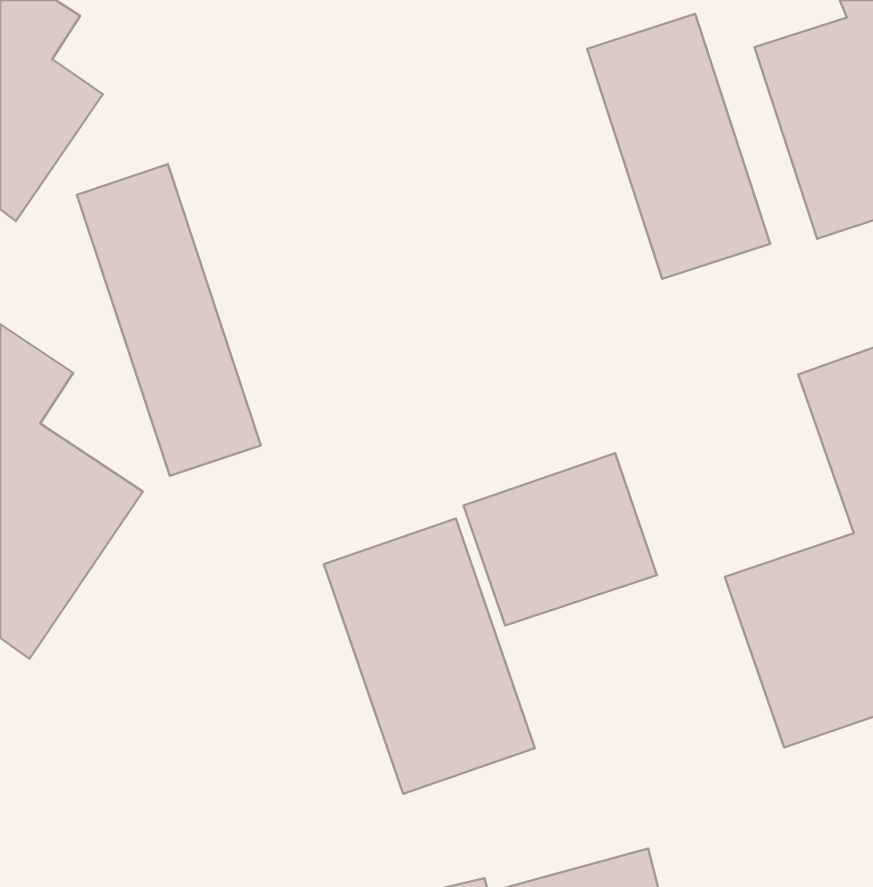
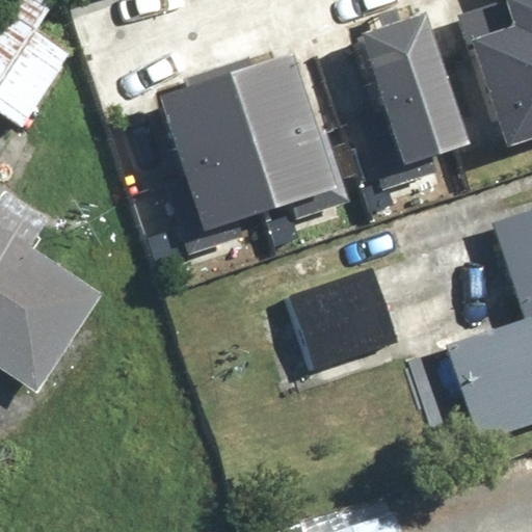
building: none -> [156,50,335,229]
building: [77,164,261,476] -> none
building: [324,518,535,794] -> none

